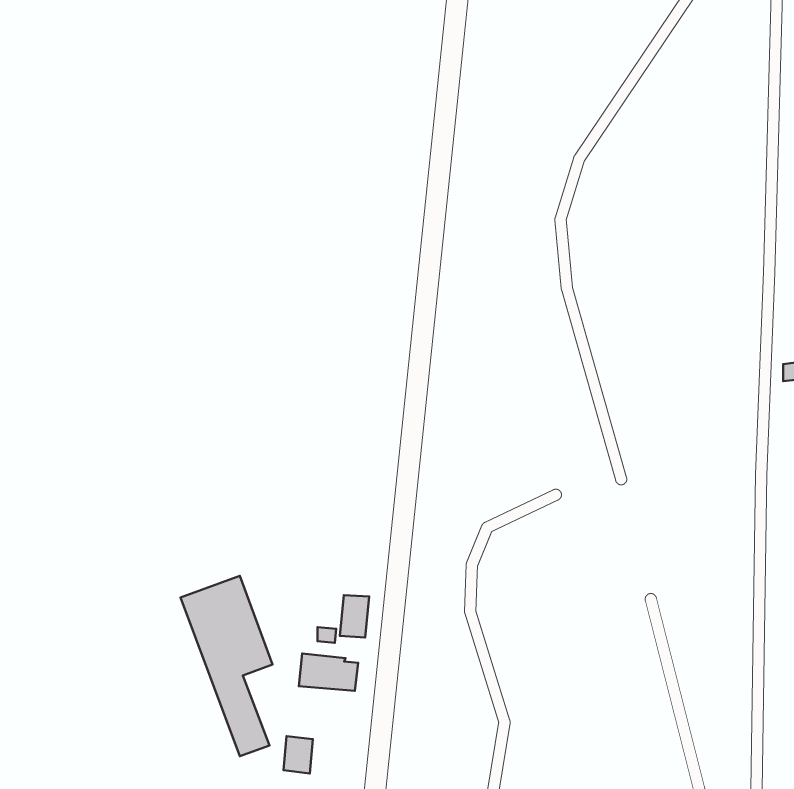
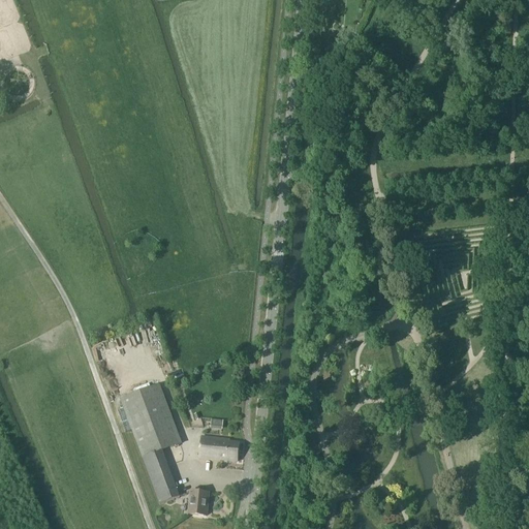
building: [340,595,369,638] -> none

